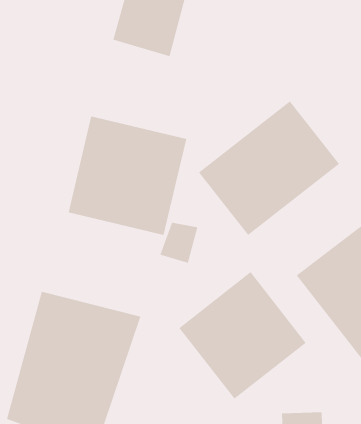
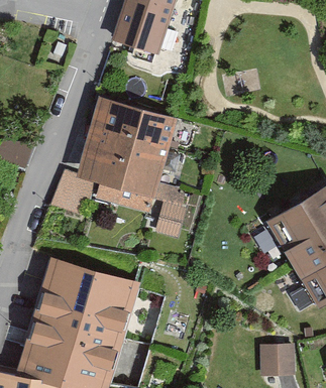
building: [198,101,340,236] -> none
building: [178,271,307,400] -> none

